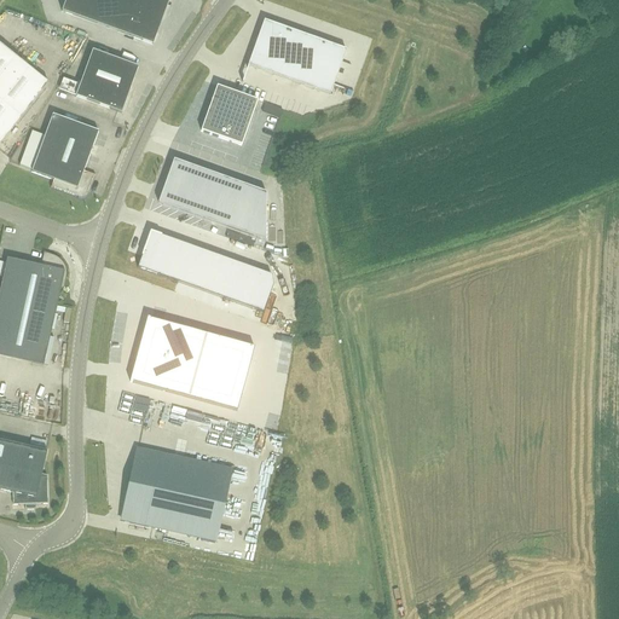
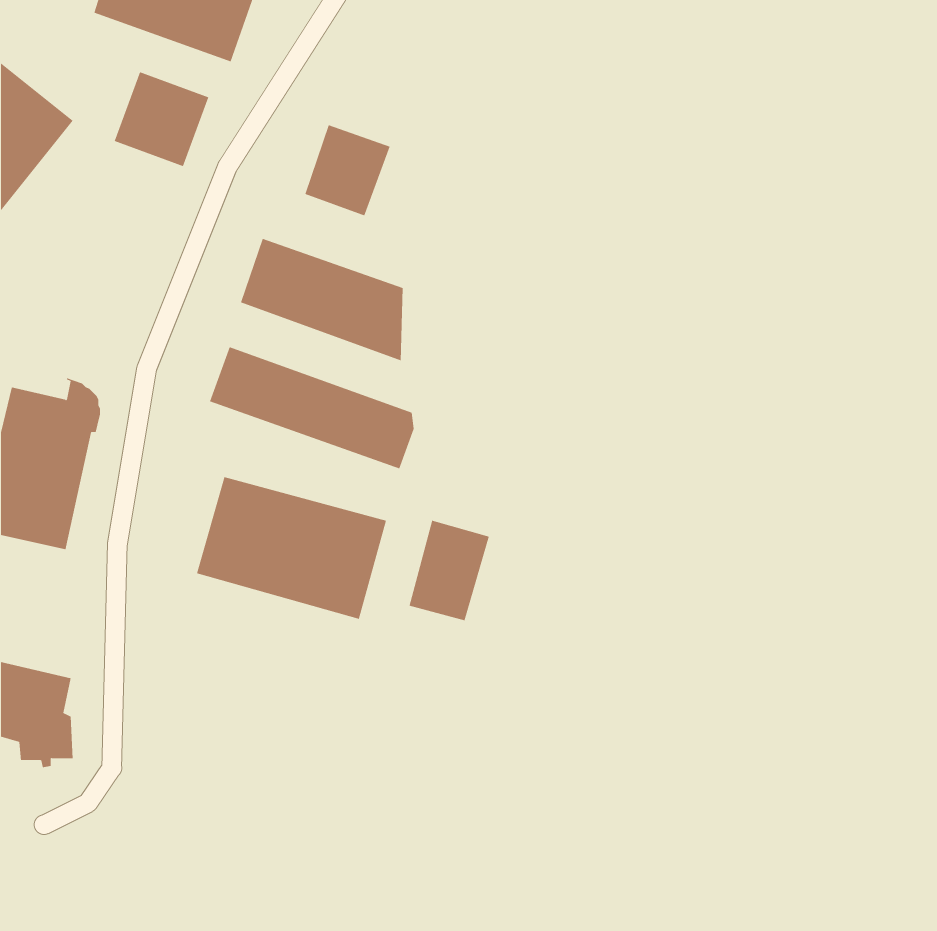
building: [248,17,346,92] -> none
building: [31,111,98,196] -> none
building: none -> [409,520,490,621]
building: [121,446,231,538] -> none

